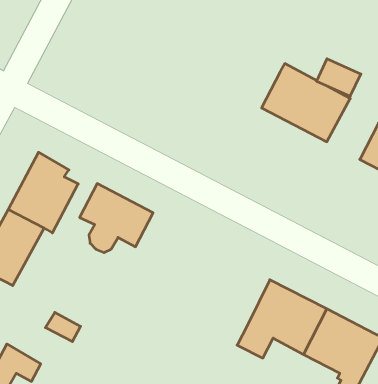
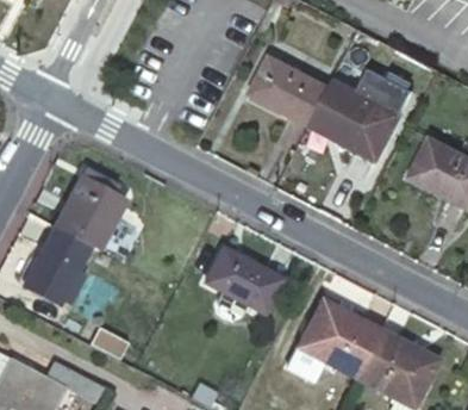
building: none -> [252,54,330,122]
building: [80,184,153,253] -> [204,246,279,316]

